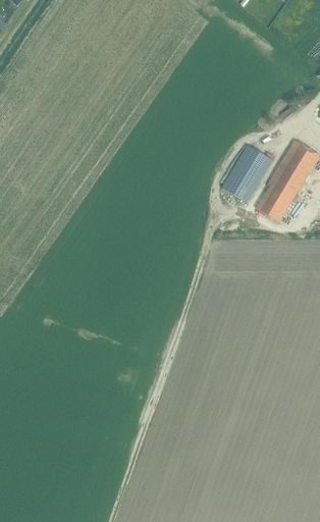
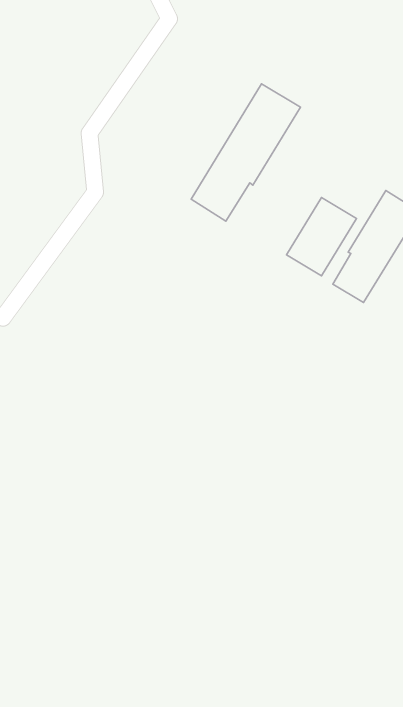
building: none -> [191,84,300,221]

